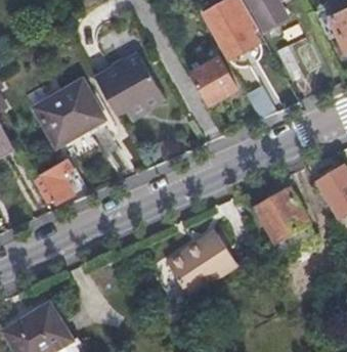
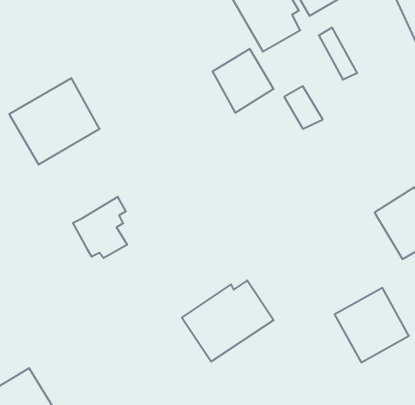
building: [94,53,164,118] -> none
building: [33,158,75,205] -> [73,197,127,258]
building: [252,187,309,245] -> [335,288,409,362]

